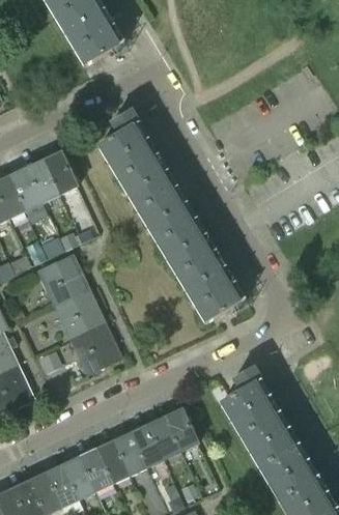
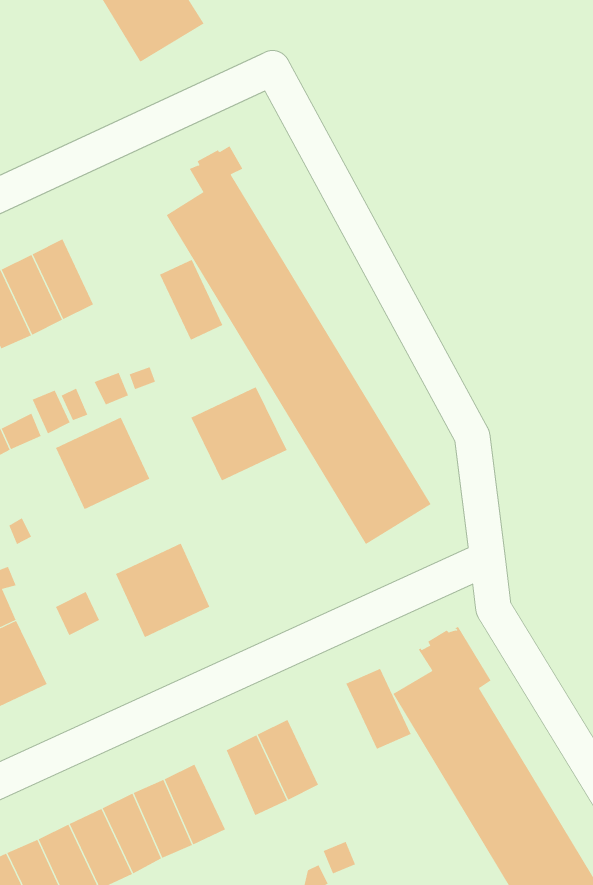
building: [43,151,77,195] -> [159,259,223,341]
building: [54,288,106,339] -> [190,386,287,481]
building: [163,408,198,452] -> [346,668,411,750]
building: [113,433,145,476] -> none

